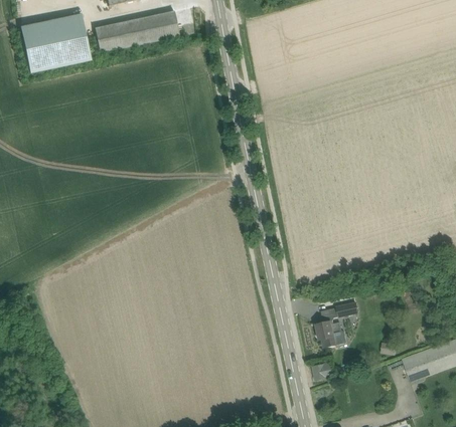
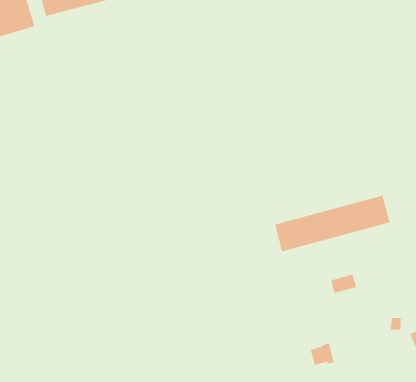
building: none -> [275,195,390,252]
building: [315,319,342,347] -> none

